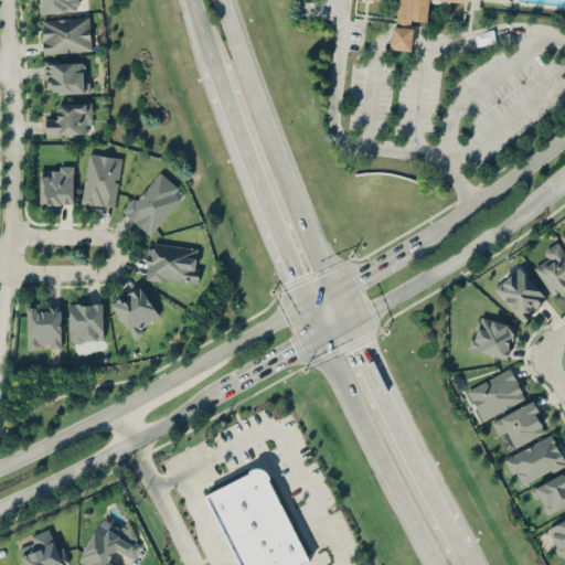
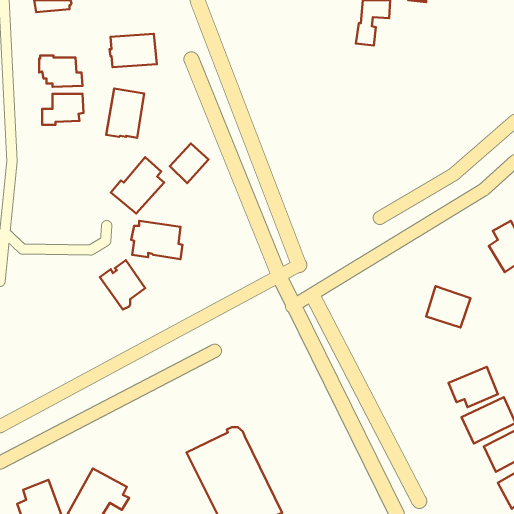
building: [41,18,93,54] -> [109,34,157,67]
building: [81,153,122,207] -> [106,89,144,138]
building: none -> [170,144,208,183]
building: [41,167,74,205] -> none
building: [493,267,548,323] -> none
building: [28,303,62,350] -> none
building: [70,303,104,343] -> none
building: [467,369,525,420] -> none

